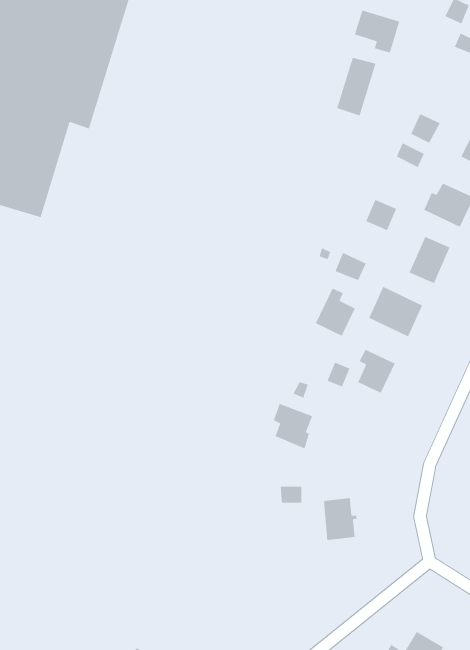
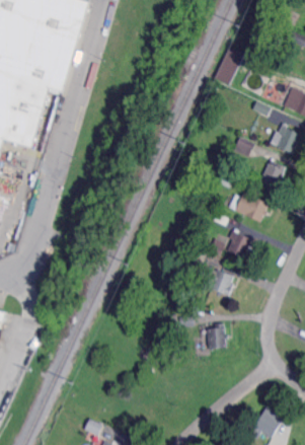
building: [354,9,400,54] -> none
building: [315,287,356,337] -> none
building: [273,403,313,450] -> [209,268,234,297]

